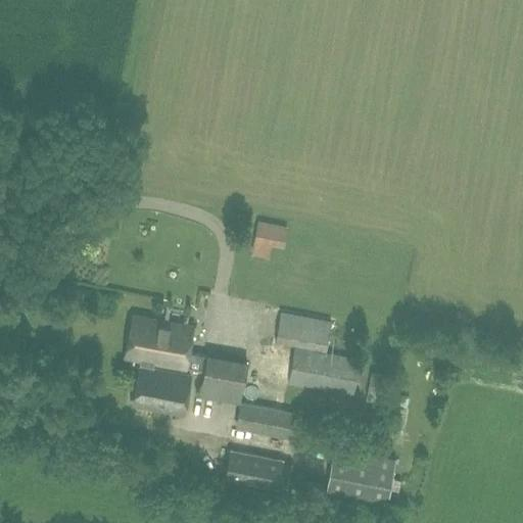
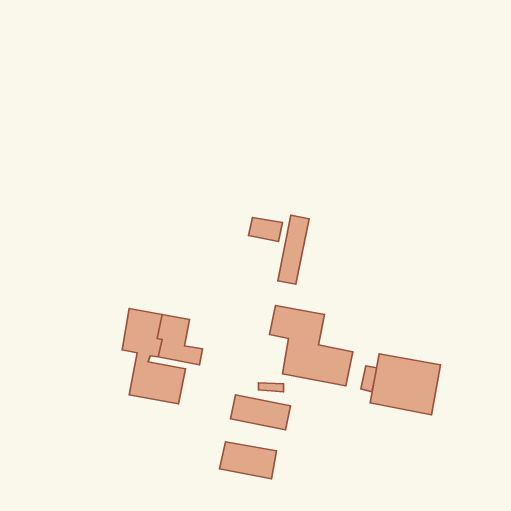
building: none -> [278,215,309,284]
building: [200,355,247,403] -> none
building: [325,448,396,511] -> [370,354,440,415]

